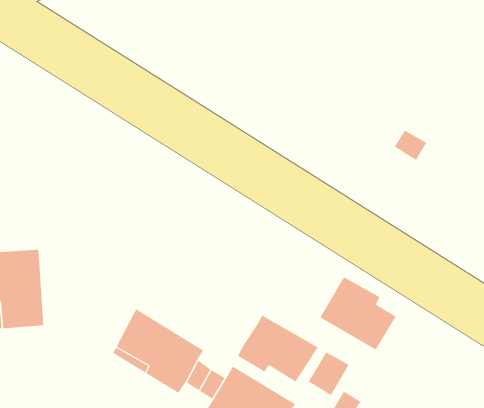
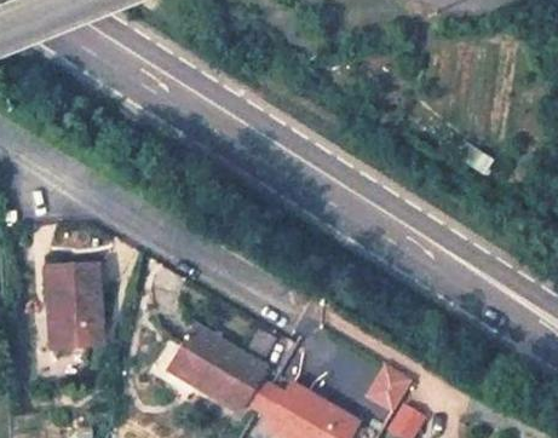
building: [319,277,397,351] -> none
building: [237,315,319,383] -> none

